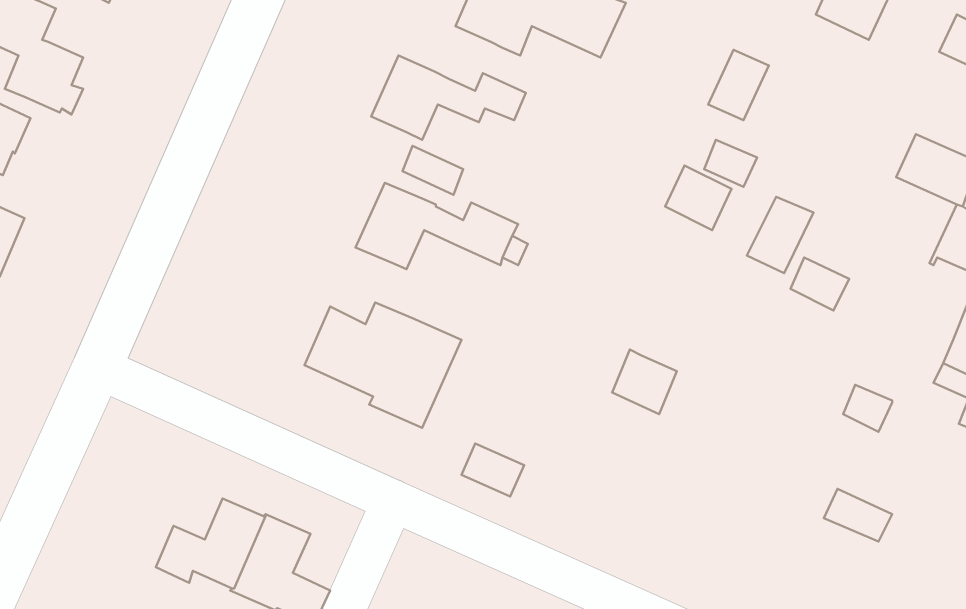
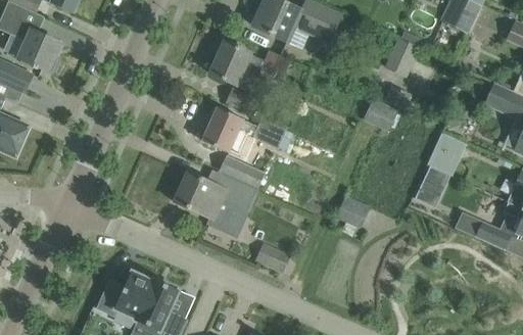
building: [747,197,813,273] -> [415,166,449,206]
building: none -> [220,156,264,188]
building: [824,489,892,542] -> [474,222,510,249]

